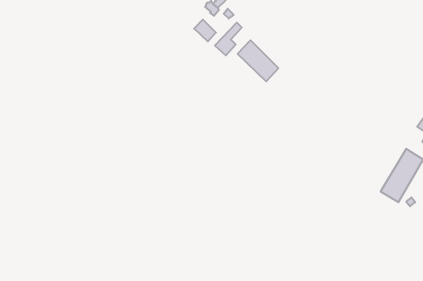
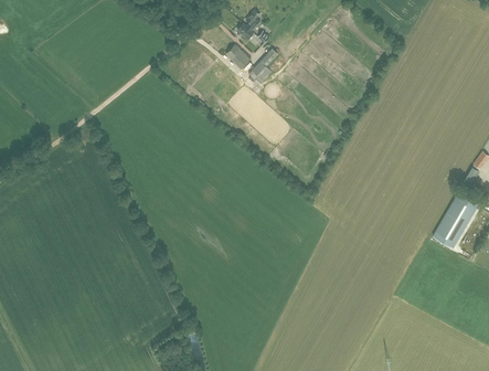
building: [238,40,278,81] -> none

